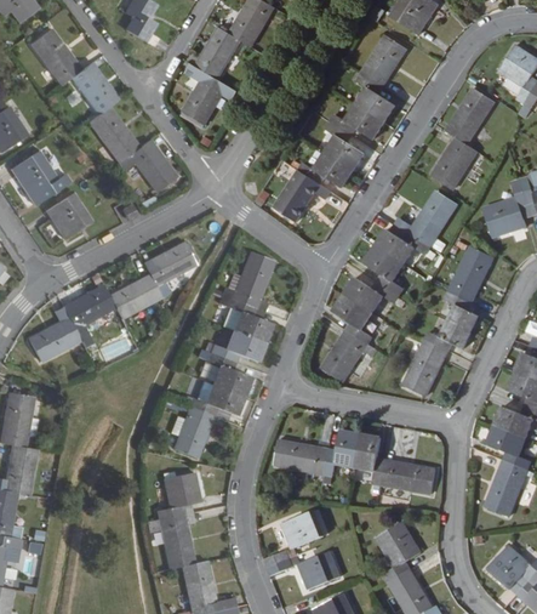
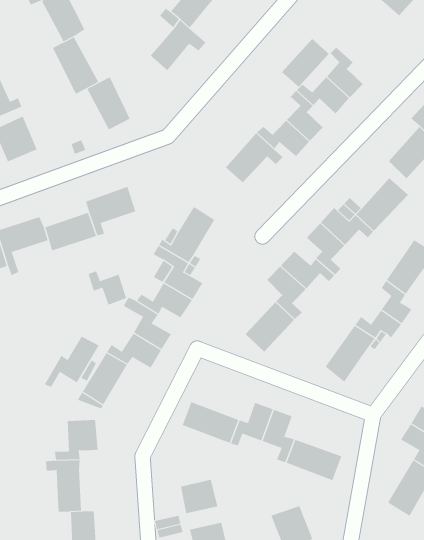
building: [362,35,406,85] -> [281,38,329,88]
building: none -> [88,270,127,305]
building: none -> [44,336,100,388]

